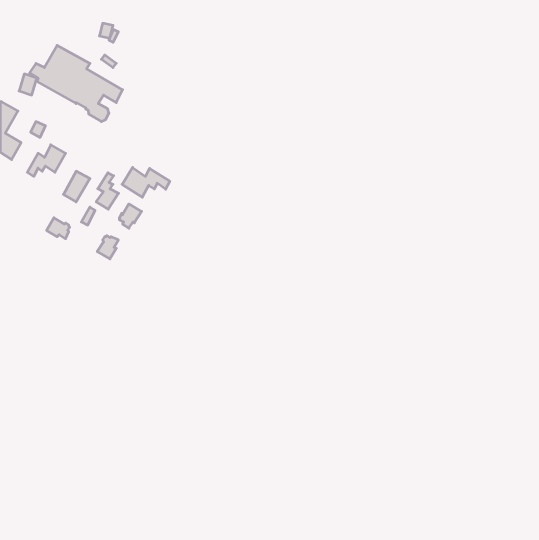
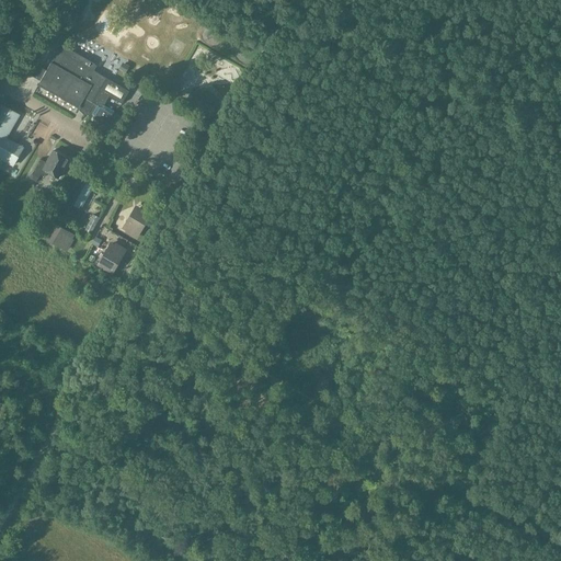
building: [122,167,170,197] -> none
building: [96,173,119,209] -> none

